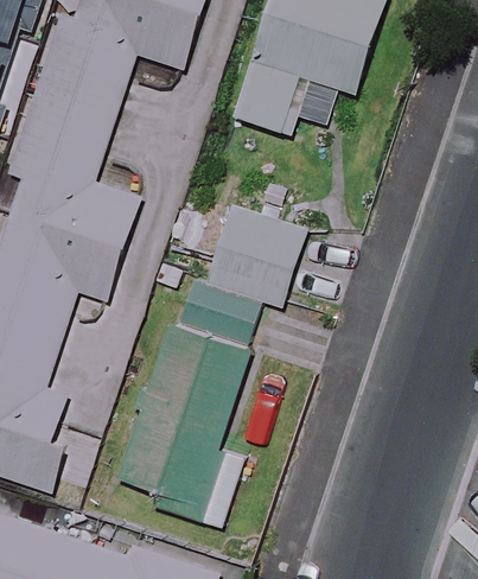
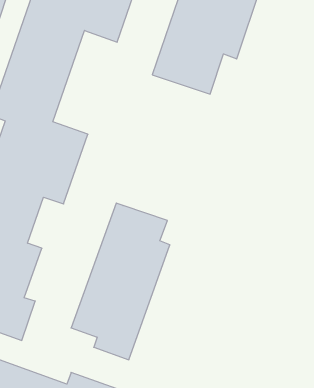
building: [190,203,307,322] -> none

